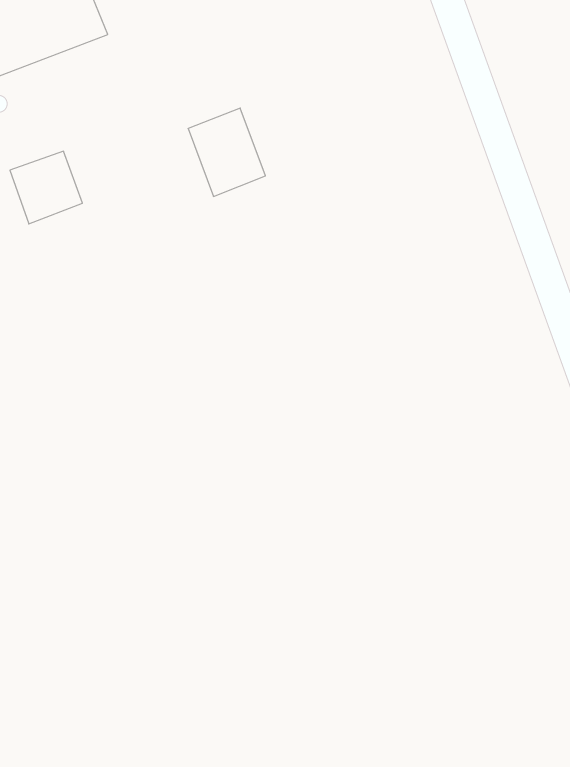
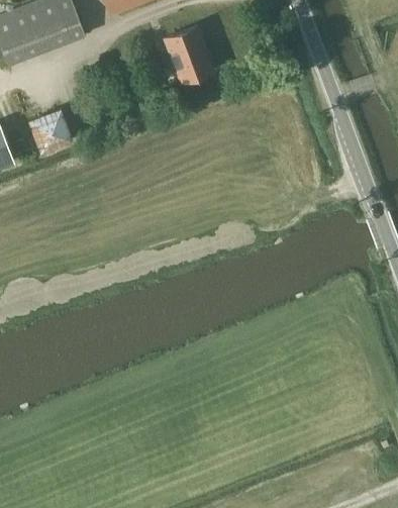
building: [188,108,265,196] -> [164,26,213,83]

